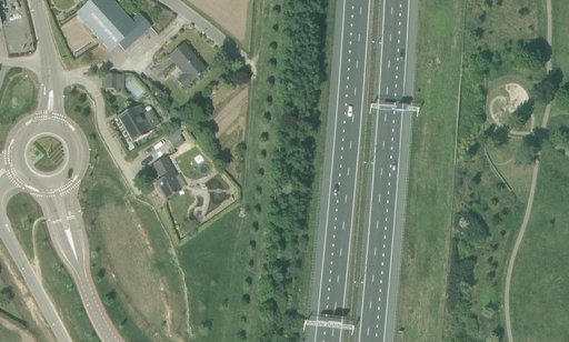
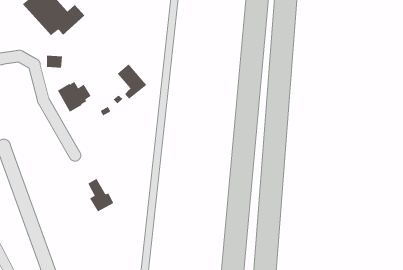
building: [169,43,206,87] -> [117,64,147,100]
building: [153,157,186,198] -> [87,178,114,212]

